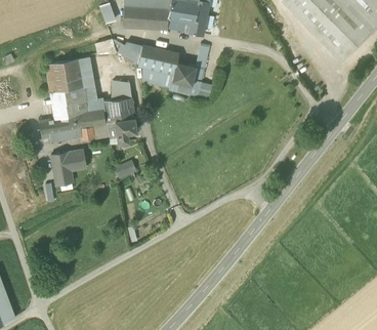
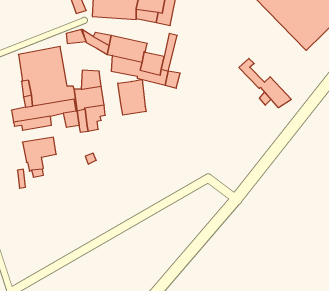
building: none -> [239,58,291,108]
building: none -> [118,80,146,115]

